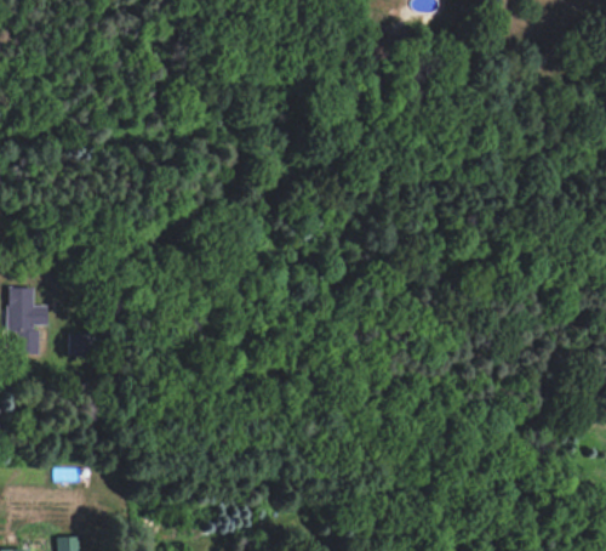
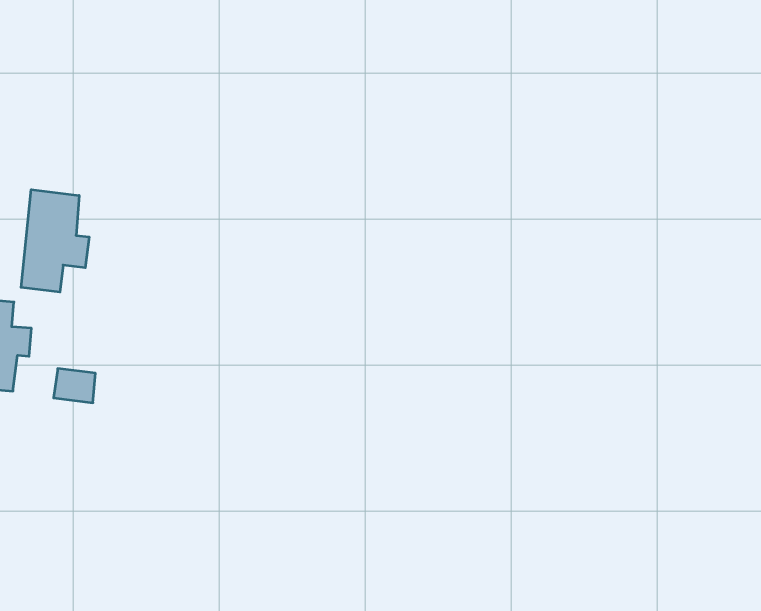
building: none -> [21,190,89,292]

